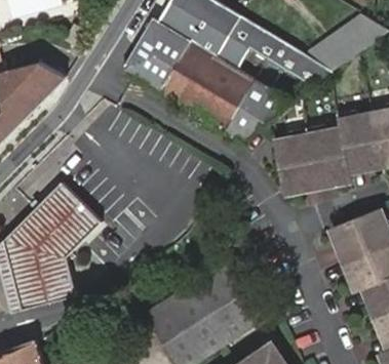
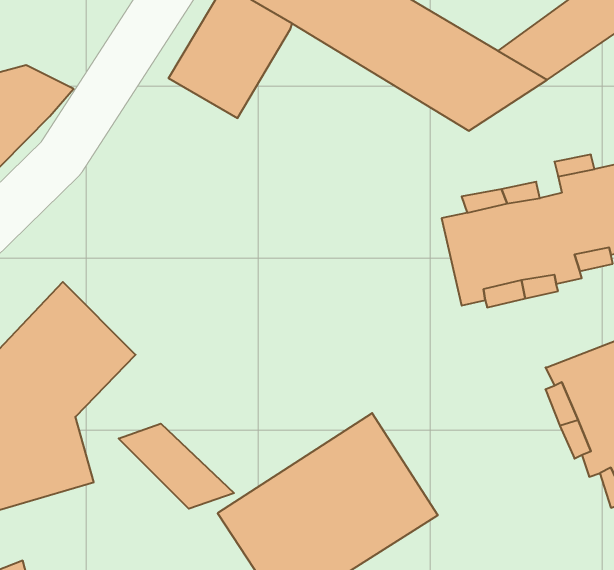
building: [158,40,277,139] -> none
building: none -> [119,424,234,509]

